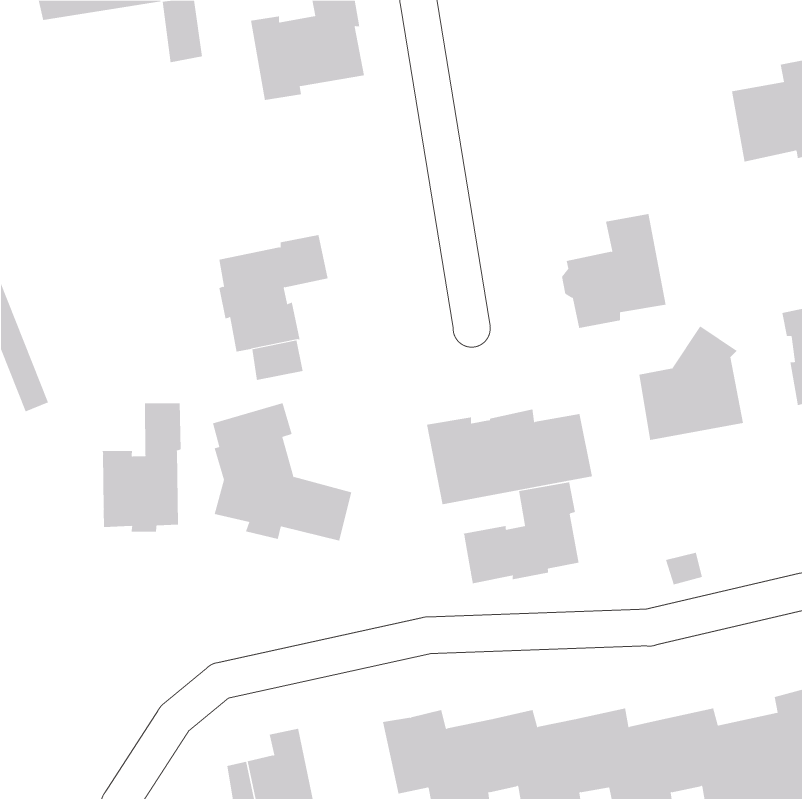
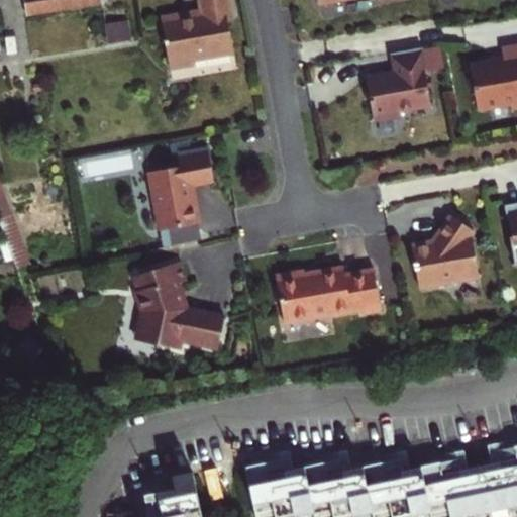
building: [561,214,667,328] -> [364,44,431,118]
building: [102,402,181,532] -> none
building: [463,481,579,584] -> none

